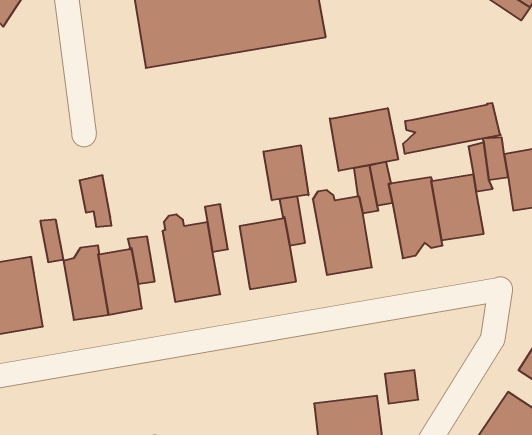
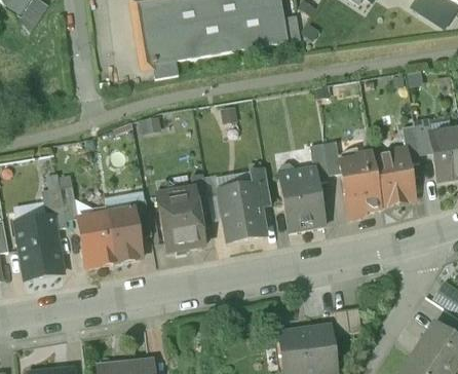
building: [403,103,501,154] -> none
building: [330,108,398,171] -> none
building: [264,145,308,200] -> none
building: [79,175,112,227] -> [41,187,67,228]

